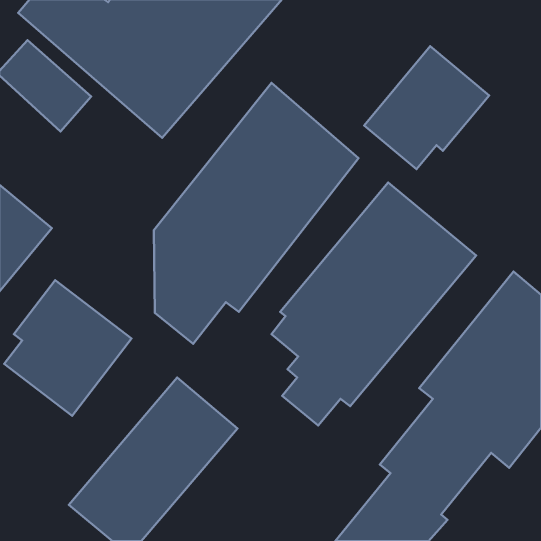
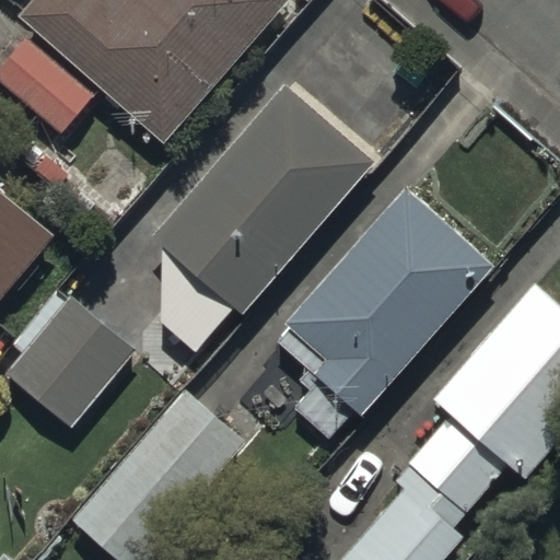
building: [364,46,489,169] -> none

